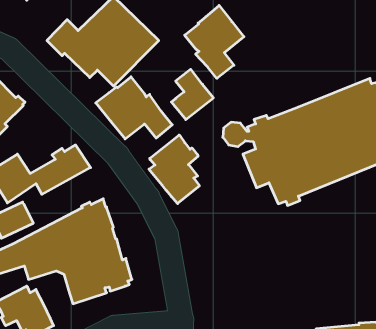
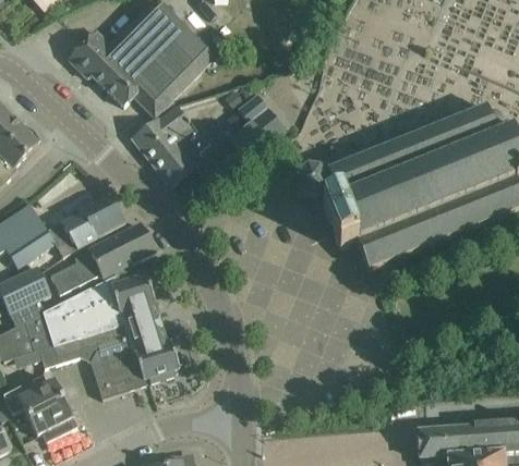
building: [185,5,244,78] -> none
building: [149,135,199,204] -> none
building: none -> [51,223,156,292]

